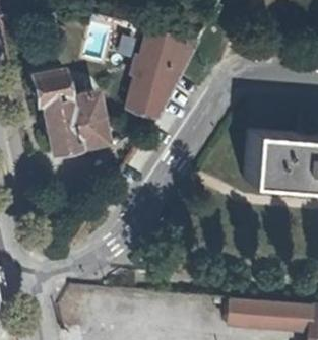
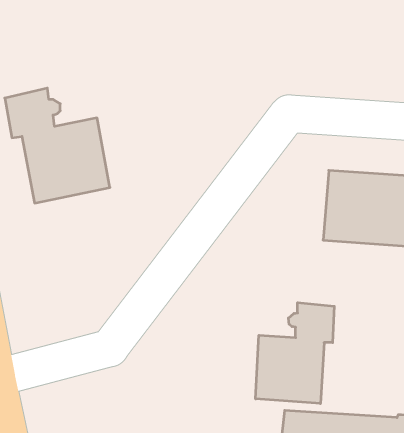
building: [126,30,198,119] -> none
building: none -> [256,303,334,404]

